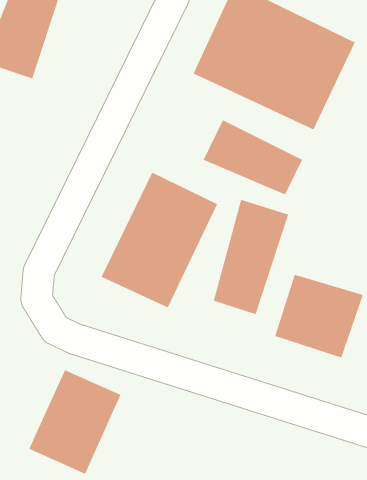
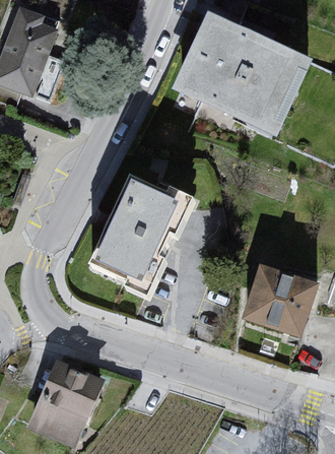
building: [202,119,303,196] -> none
building: [213,199,289,315] -> none

